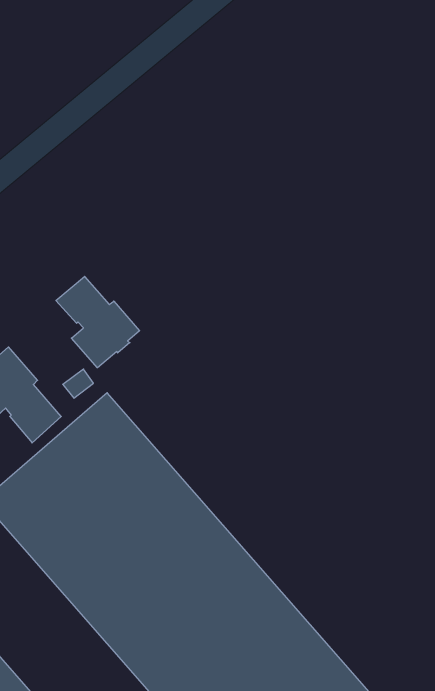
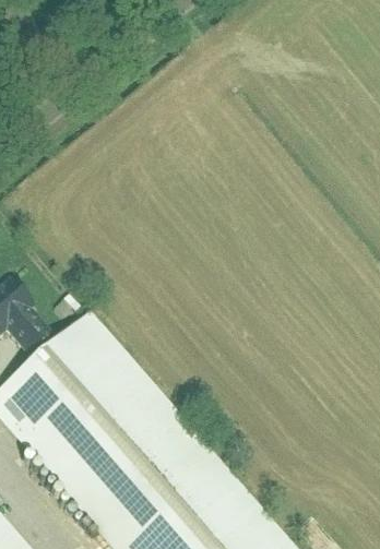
building: [56,276,140,368] -> none

